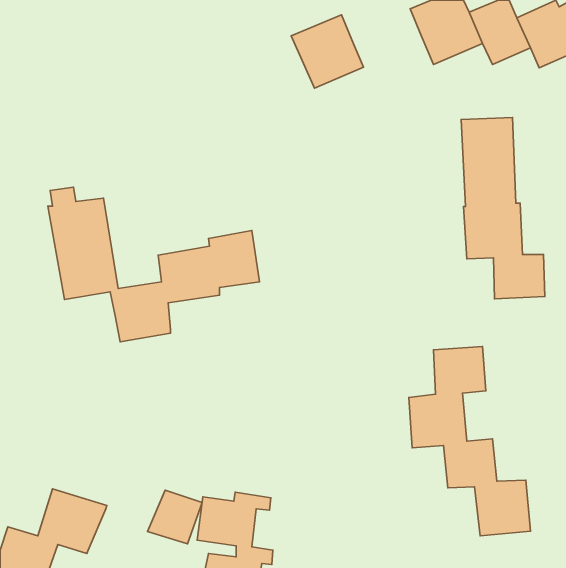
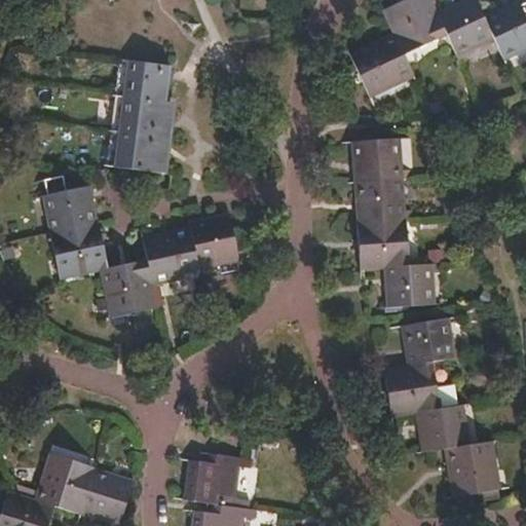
building: [291,15,364,88] -> [345,34,412,102]
building: none -> [112,57,174,171]
building: [461,117,545,299] -> [352,138,429,305]
building: [147,490,202,544] -> [84,471,135,520]

